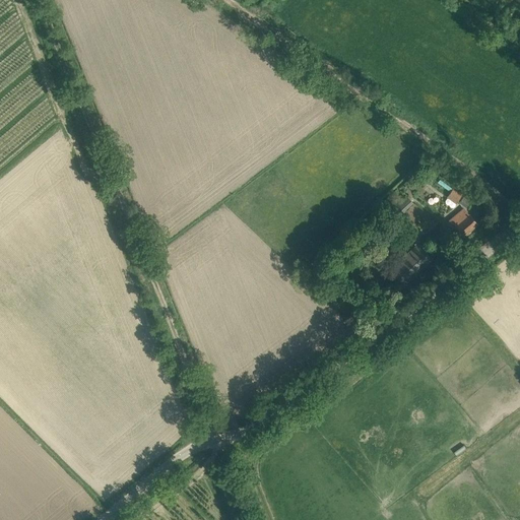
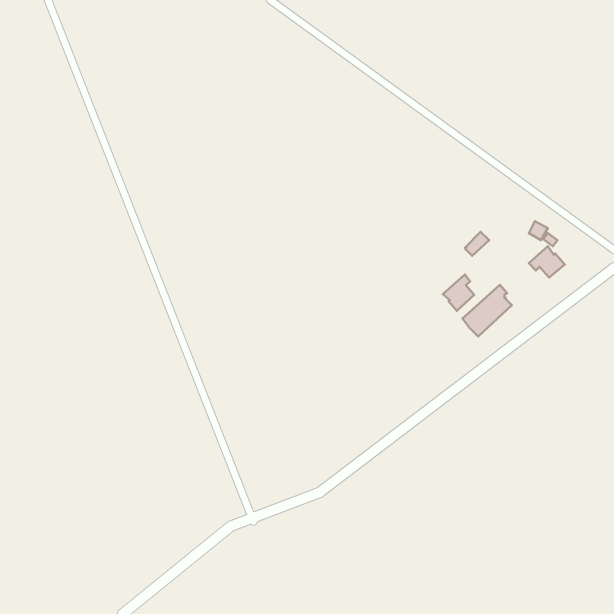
building: none -> [443,274,474,311]

